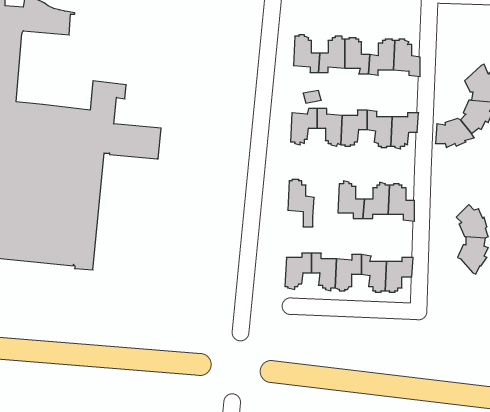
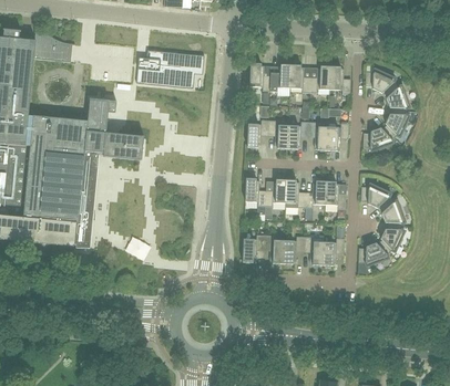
building: none -> [136,50,204,87]
building: none -> [366,67,399,95]
building: none -> [265,177,286,213]
building: none -> [360,182,391,207]
building: none -> [358,239,392,265]

